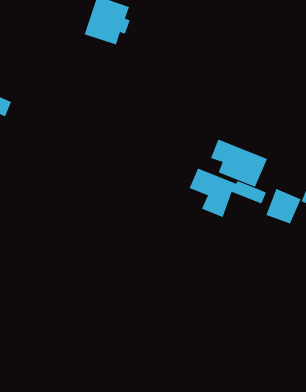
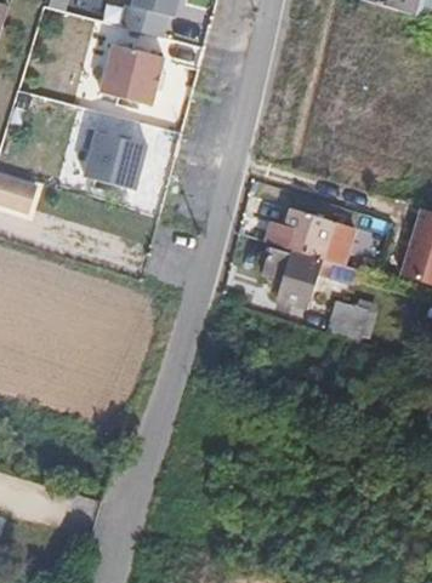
building: none -> [90,128,152,190]
building: [266,188,302,224] -> [324,297,366,339]

